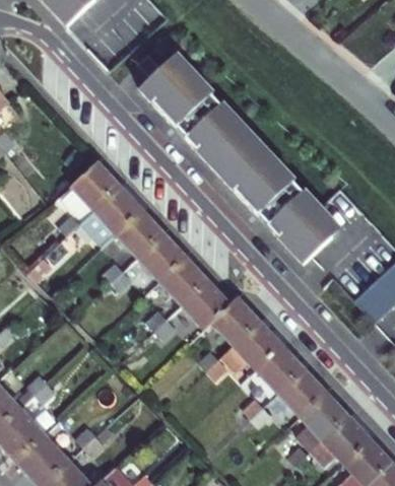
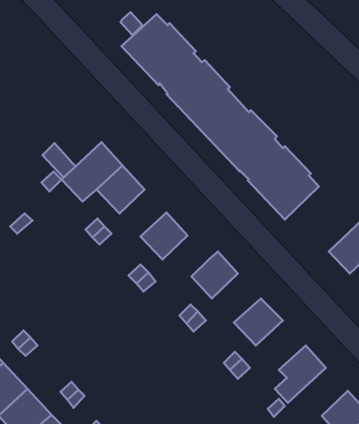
building: [72,161,121,210] -> none
building: [139,233,187,281] -> none
building: [183,280,231,328] -> none
building: [221,319,282,371] -> none
building: [277,366,328,416] -> none
building: [310,414,371,465] -> none

